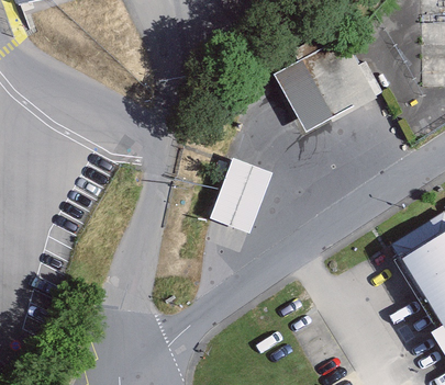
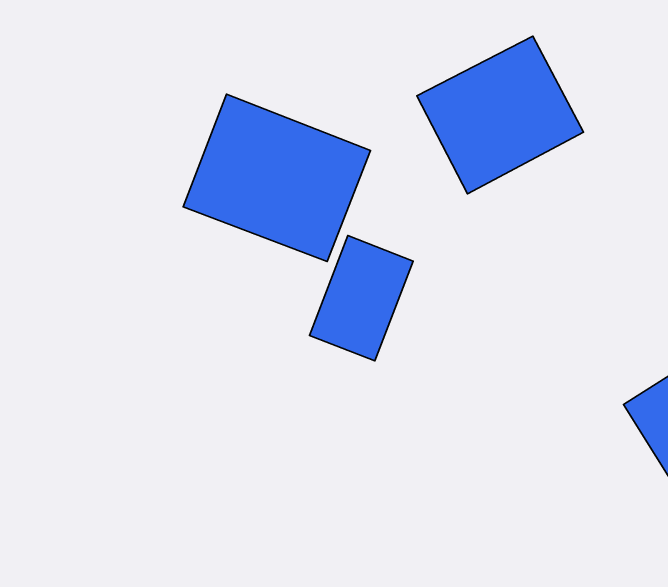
building: none -> [183,94,371,261]

